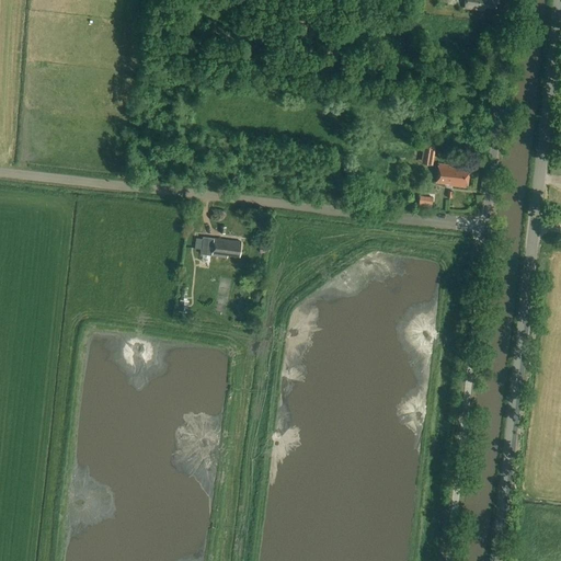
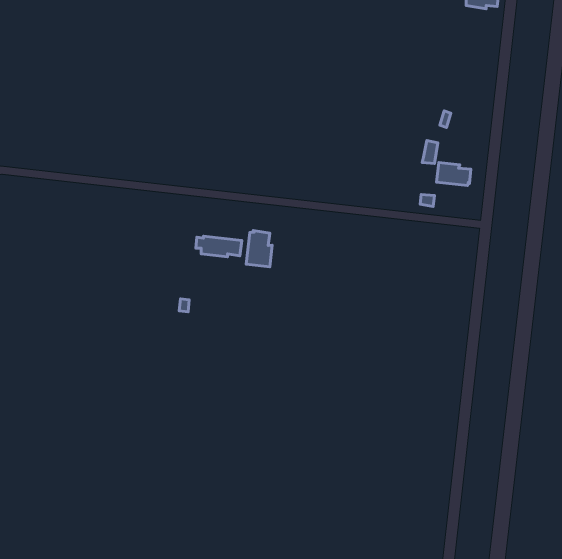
building: none -> [246,231,272,267]

